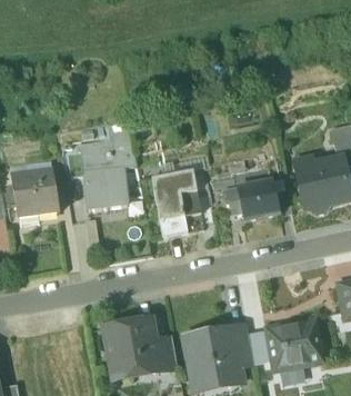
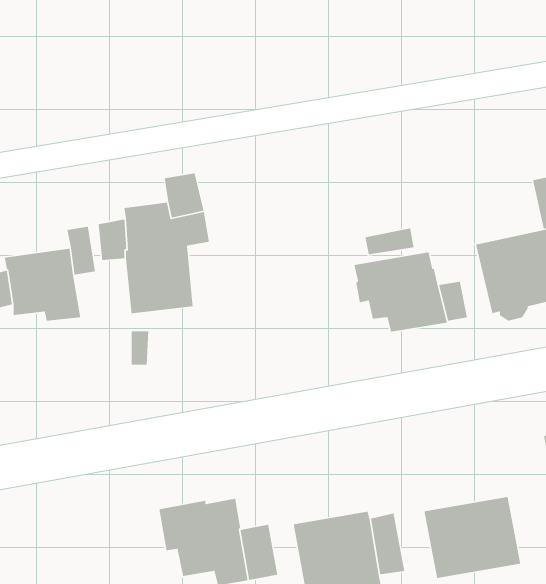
building: [151,169,203,236] -> none

